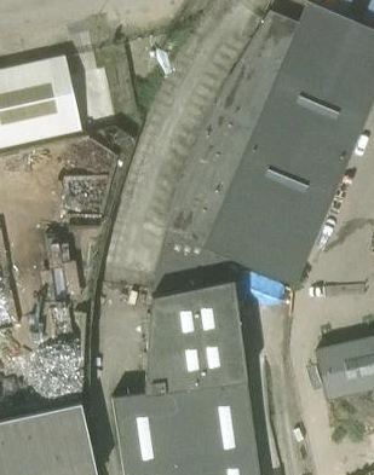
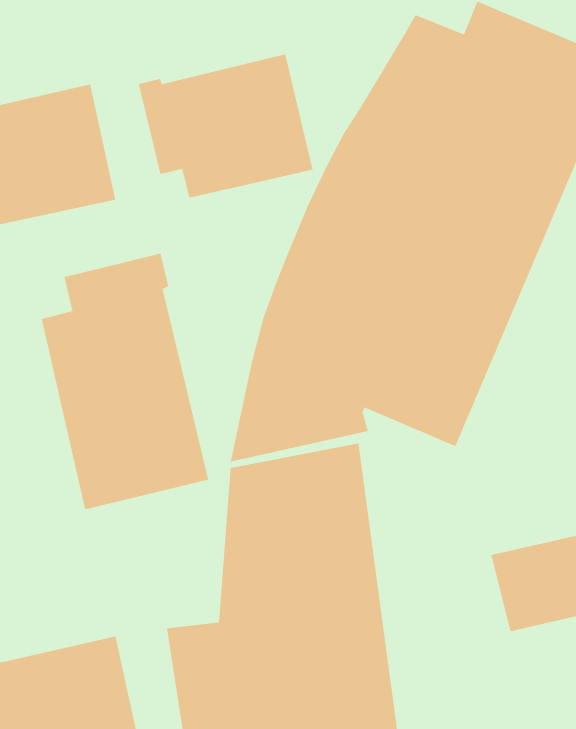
building: none -> [138,53,313,198]
building: none -> [41,253,209,510]

